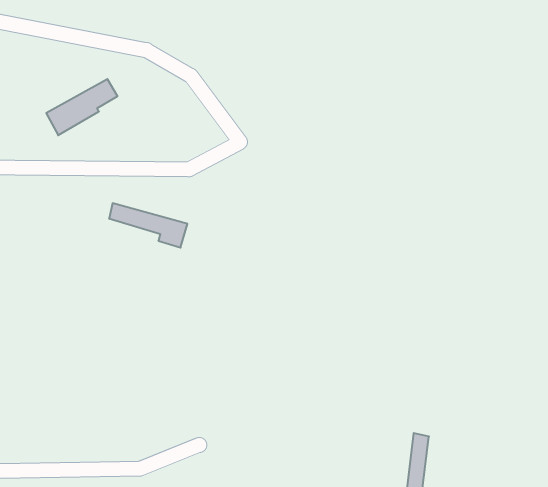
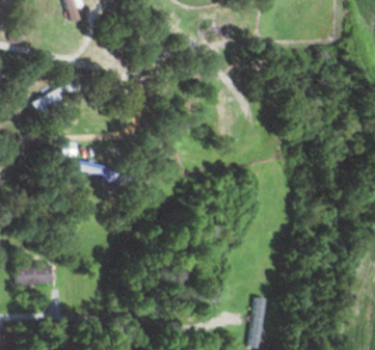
building: none -> [16,266,51,285]

